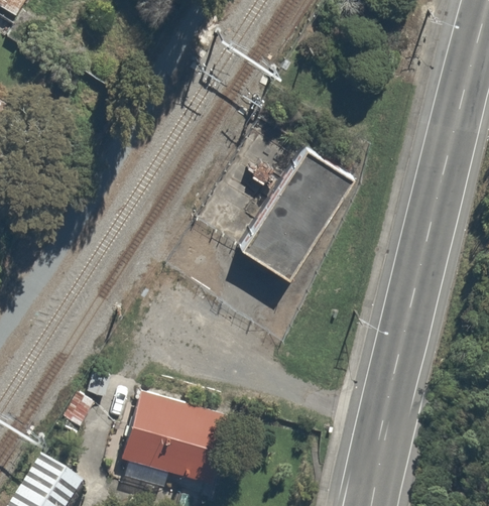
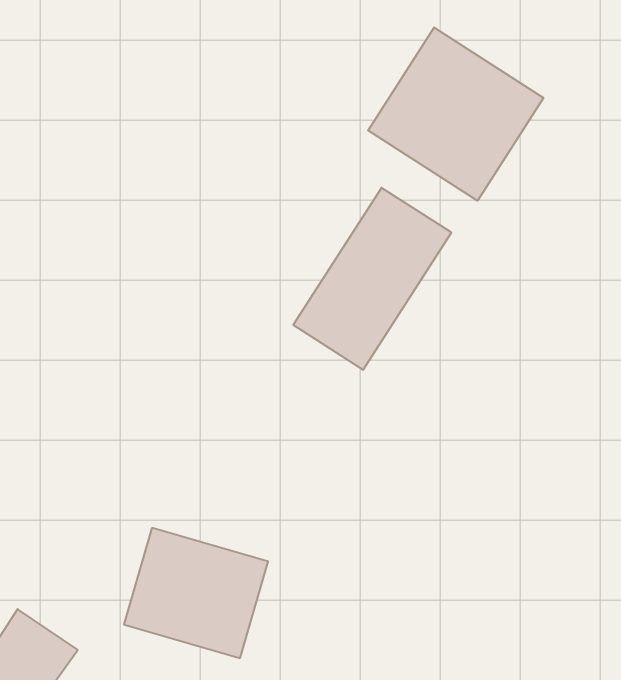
building: none -> [368,27,543,201]

